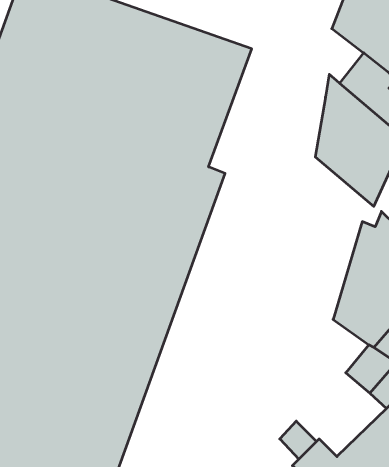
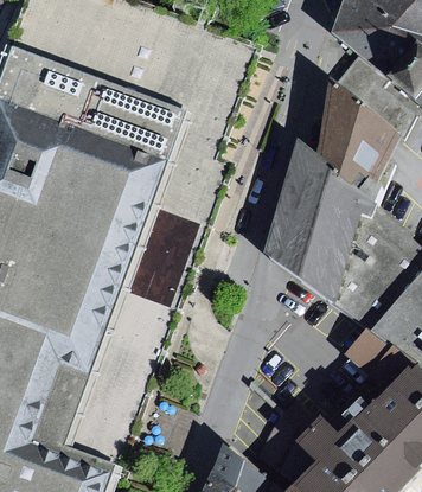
building: none -> [262,135,375,302]

